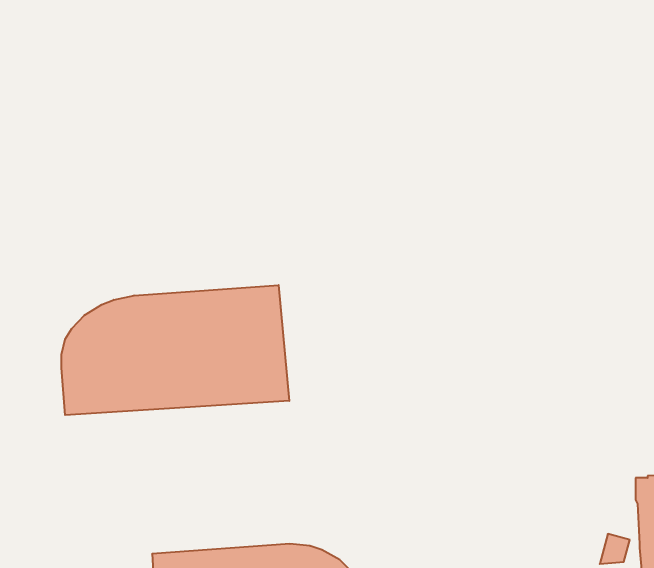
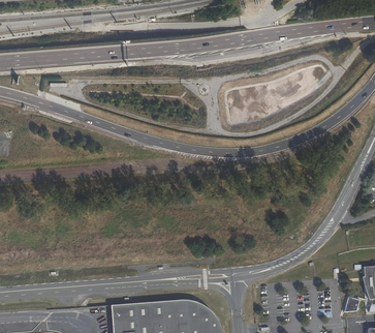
building: [61,285,289,415] -> none

